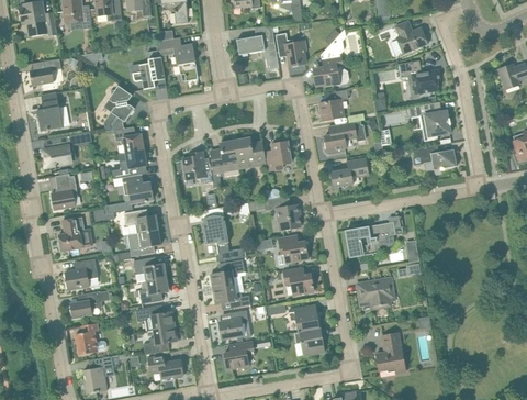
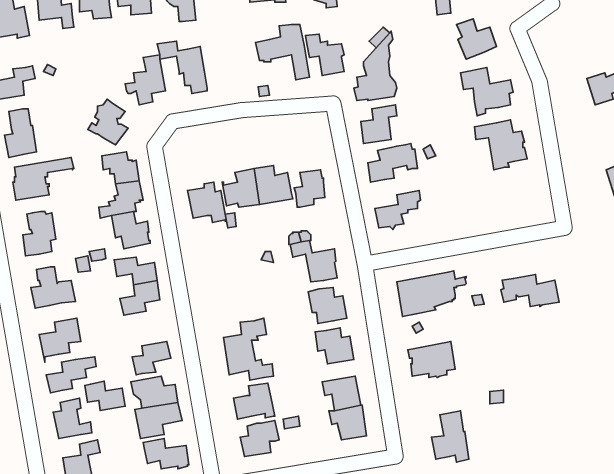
building: [411,144,457,169] -> [501,275,559,306]
building: [202,214,246,260] -> none
building: [134,257,166,280] -> [85,381,125,410]

